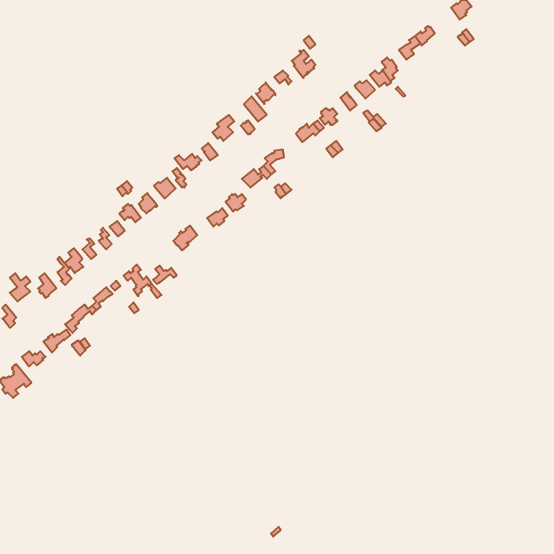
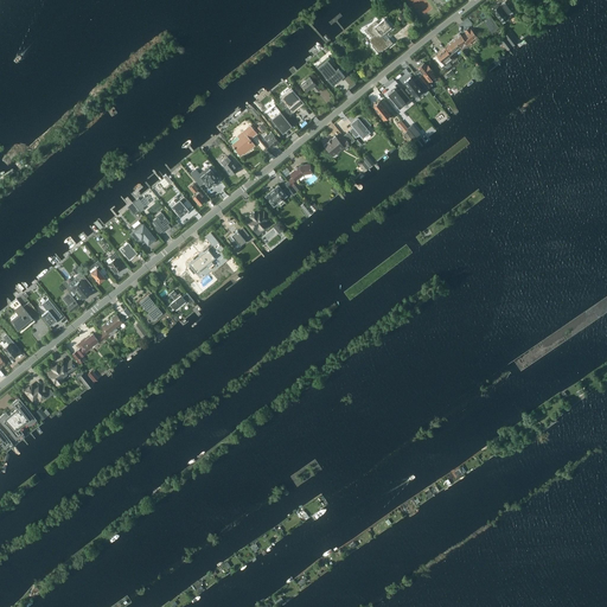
building: none -> [365,19,394,55]

